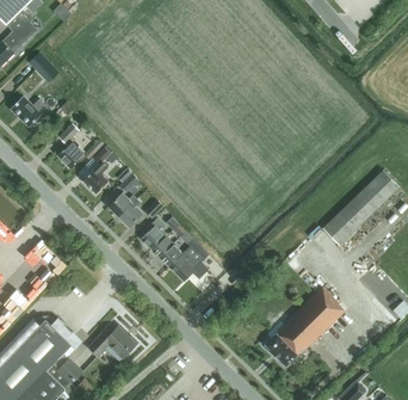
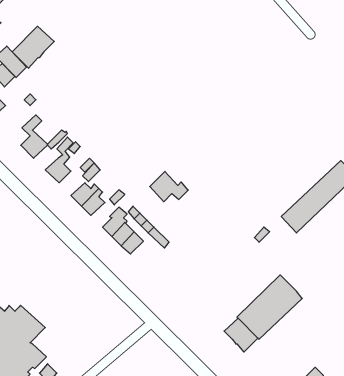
building: none -> [12,26,54,68]
building: [169,251,209,282] -> [150,171,188,202]
building: [89,326,137,358] -> none

